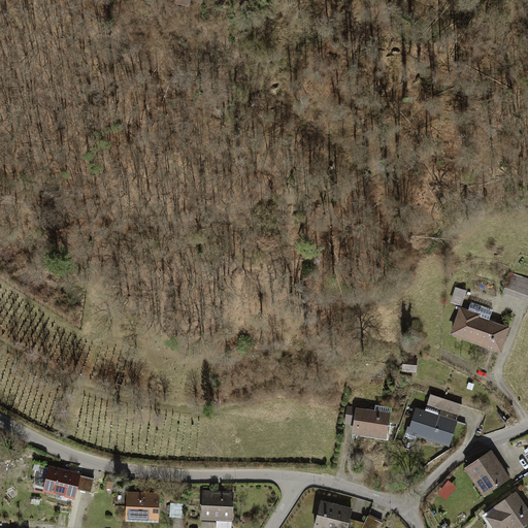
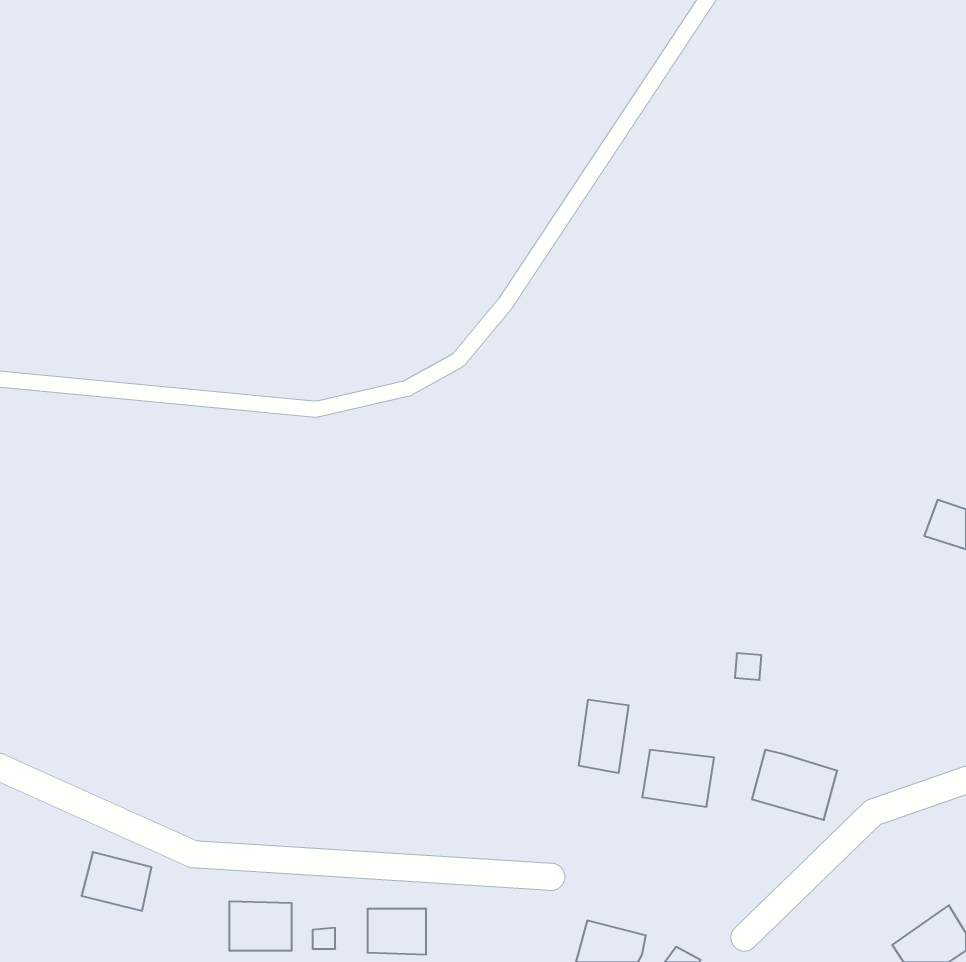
building: [452,310,506,350] -> none
building: none -> [579,700,628,773]
building: [426,395,461,420] -> none
building: [465,450,507,492] -> none

